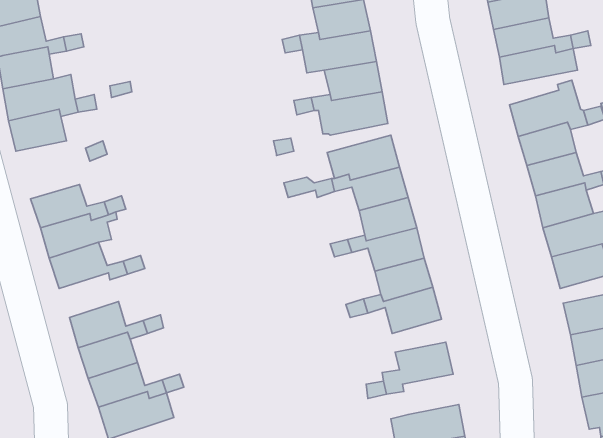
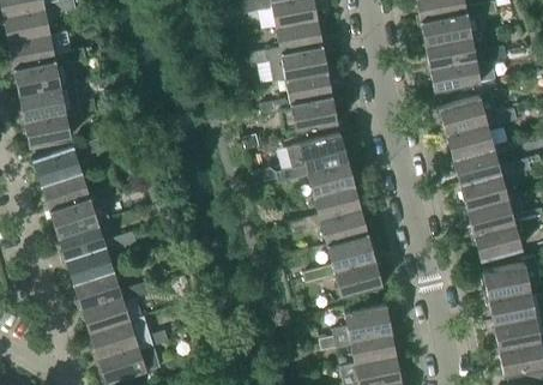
building: none -> [34,148,83,186]
building: none -> [66,247,115,284]
building: none -> [350,331,397,365]

